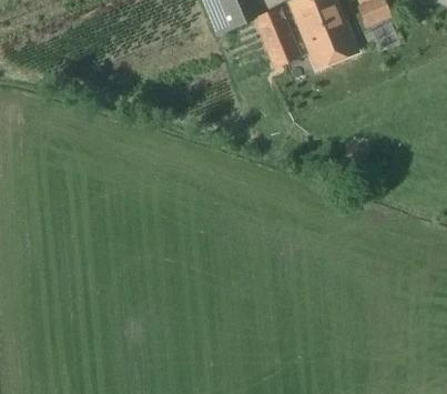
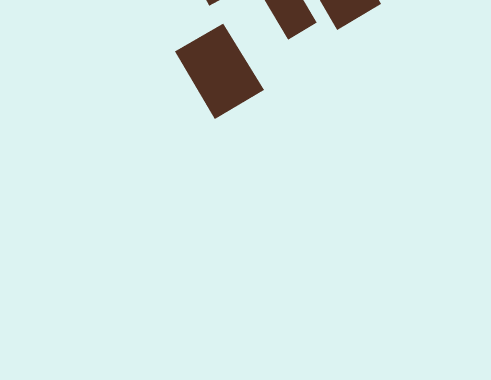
building: none -> [174,22,265,120]

